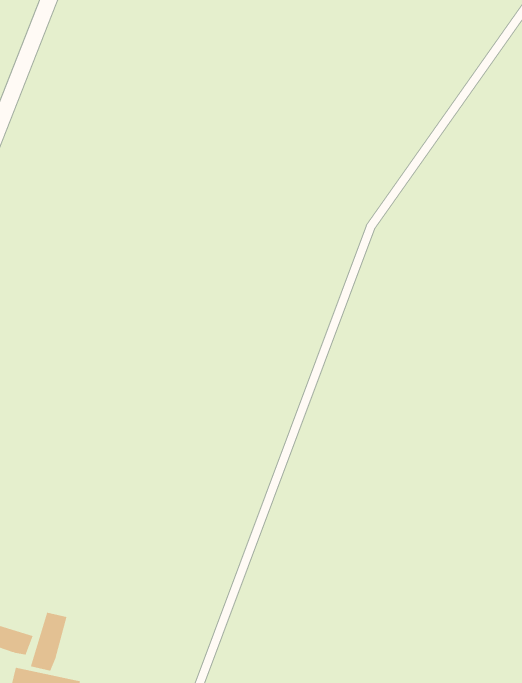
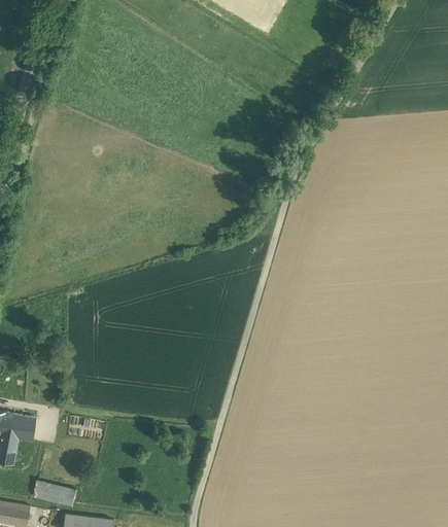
building: [30,612,67,671] -> none

